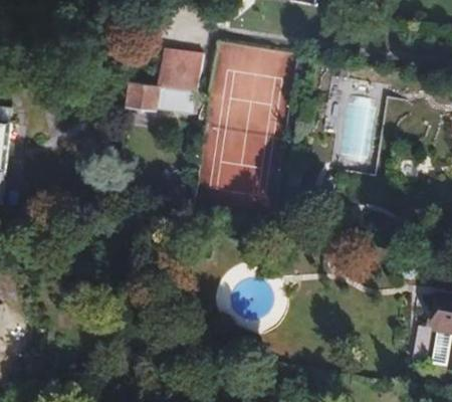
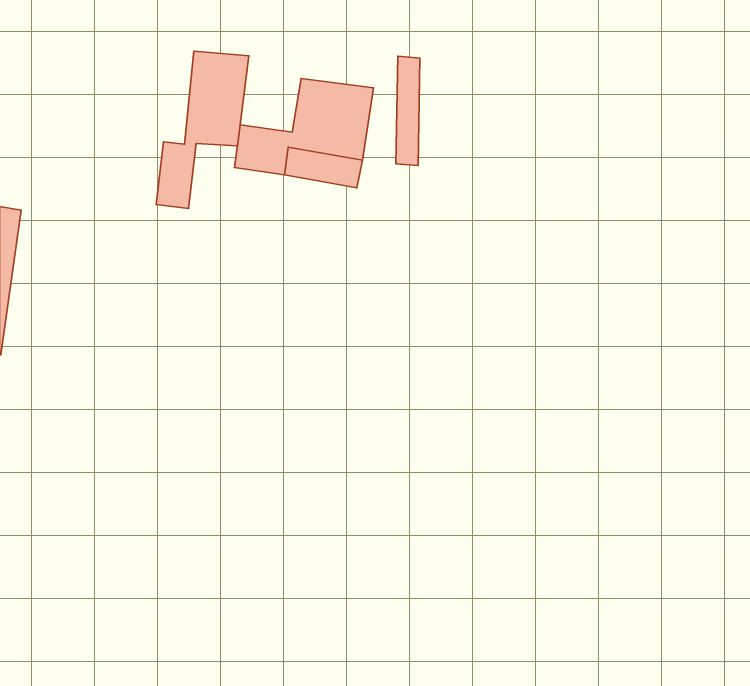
building: none -> [156,51,249,208]

